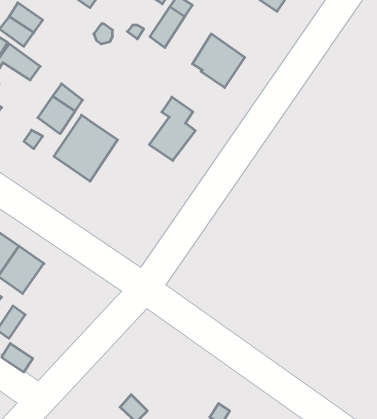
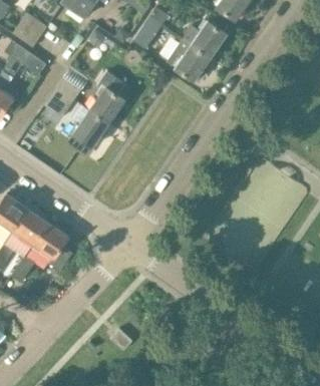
building: none -> [184,20,228,57]
building: [149,97,195,161] -> [89,72,126,123]
building: none -> [32,223,73,271]

